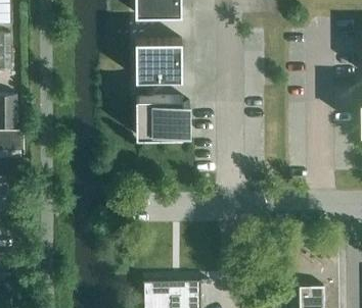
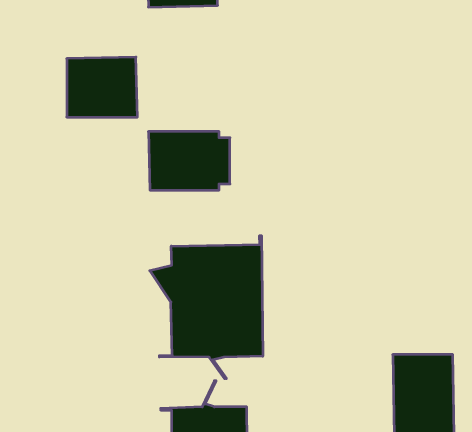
building: [135,40,182,80] -> [67,57,137,117]
building: none -> [150,236,263,379]

